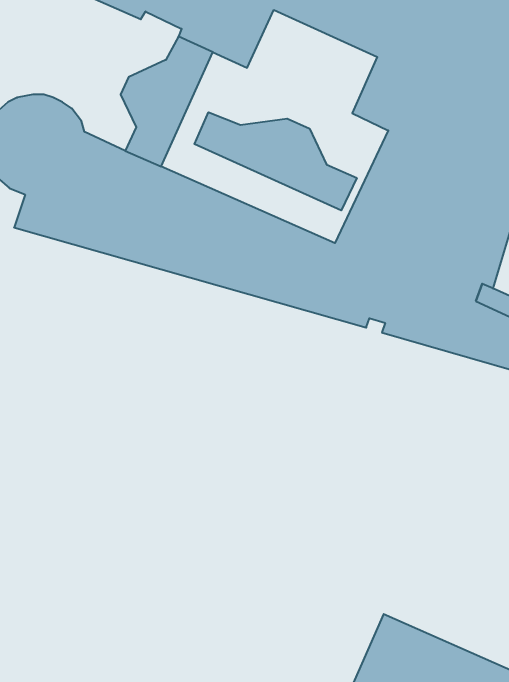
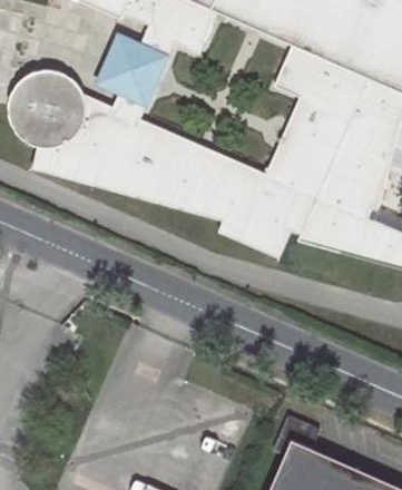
building: [194,112,357,210] -> none

